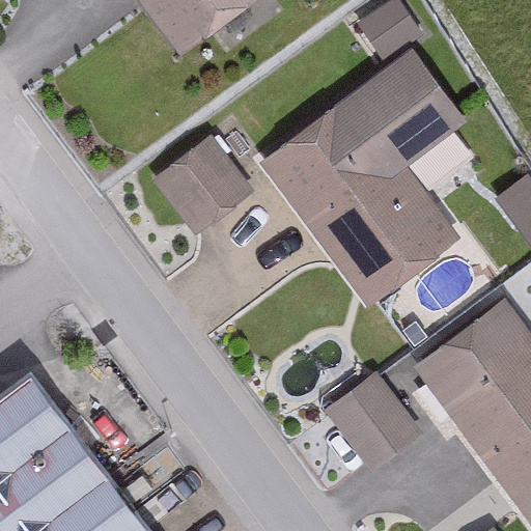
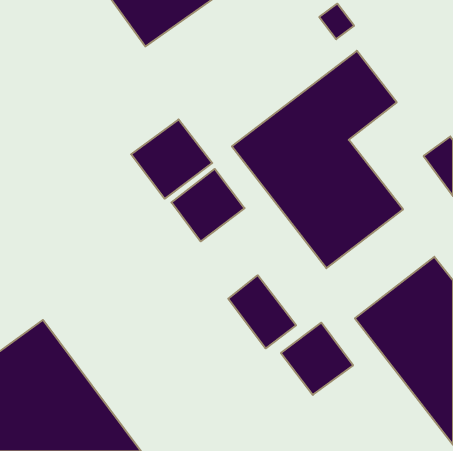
building: none -> [171,169,245,241]
building: none -> [228,275,296,348]

